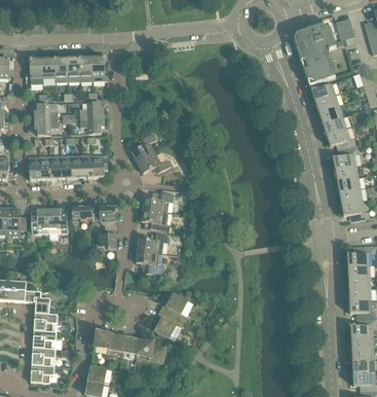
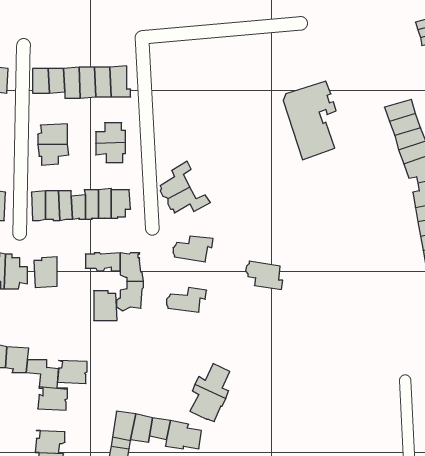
building: [294,23,336,85] -> [283,81,336,160]
building: [49,208,68,231] -> [94,291,117,320]
building: [140,208,169,230] -> [245,261,283,289]
building: [135,249,164,275] -> none
building: [33,329,56,348] -> [58,360,87,384]

